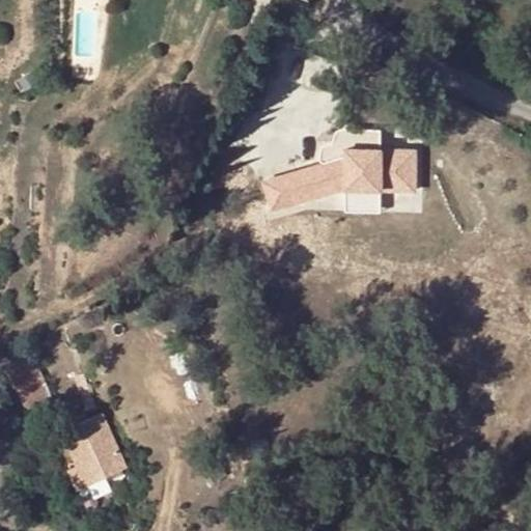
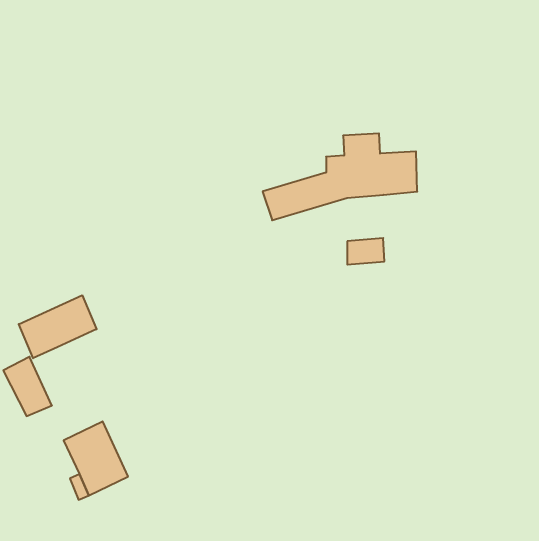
building: [342,191,379,217] -> [347,238,384,265]
building: none -> [19,295,97,358]

